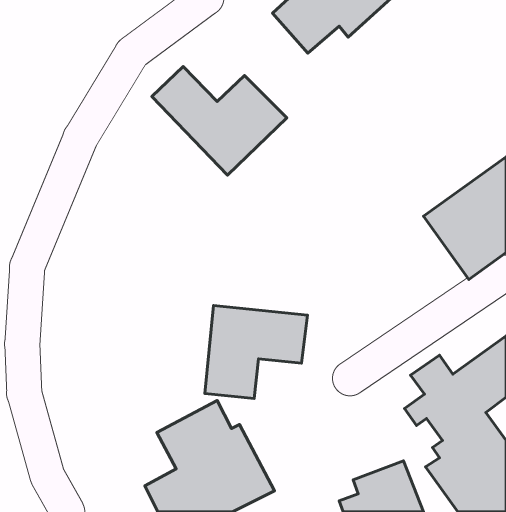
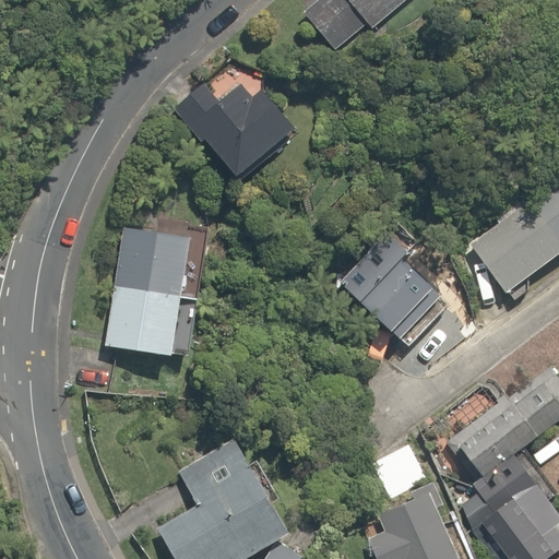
building: none -> [110,226,203,361]
building: none -> [346,235,441,341]
building: [205,305,308,399] -> none

